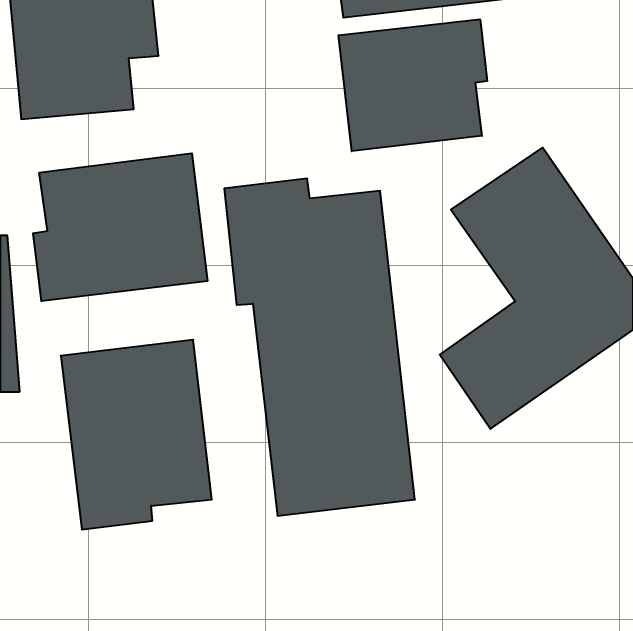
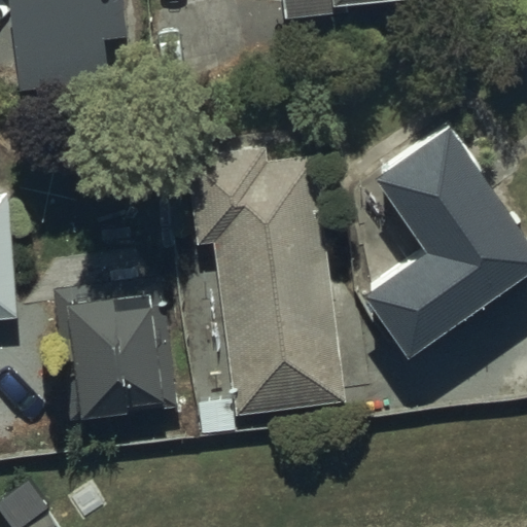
building: [339,19,487,151] -> none
building: [33,153,207,301] -> none

